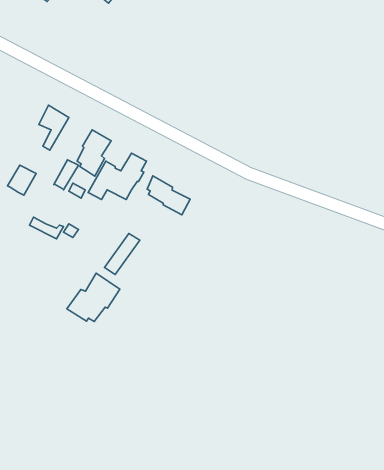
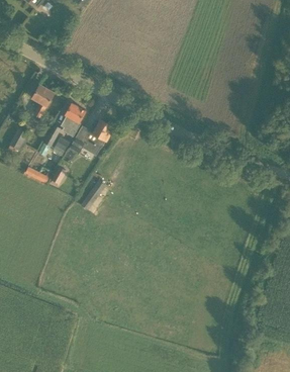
building: [147,176,190,215] -> none
building: [67,273,120,321] -> none

